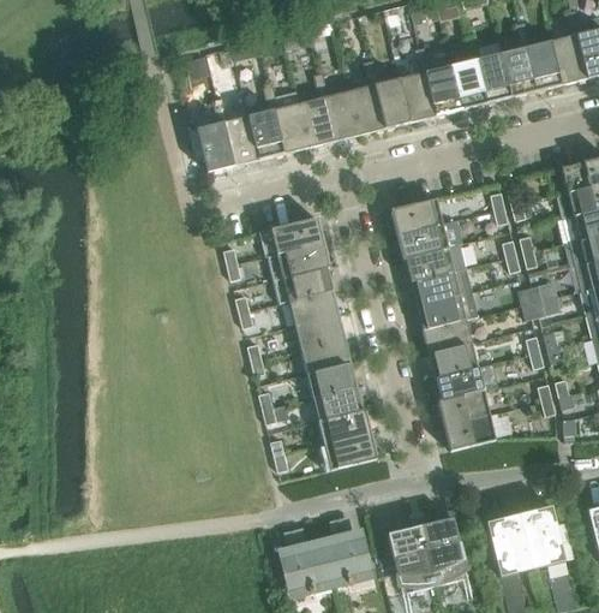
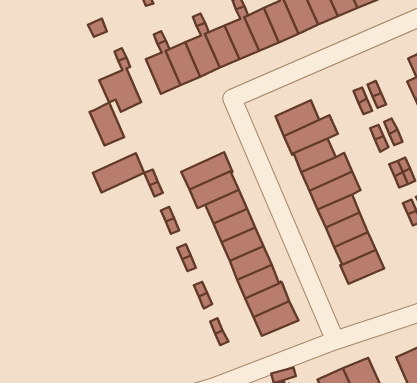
building: [223,114,259,165] -> [90,103,124,146]
building: [262,216,323,256] -> [93,153,144,192]
building: [444,413,496,450] -> none

